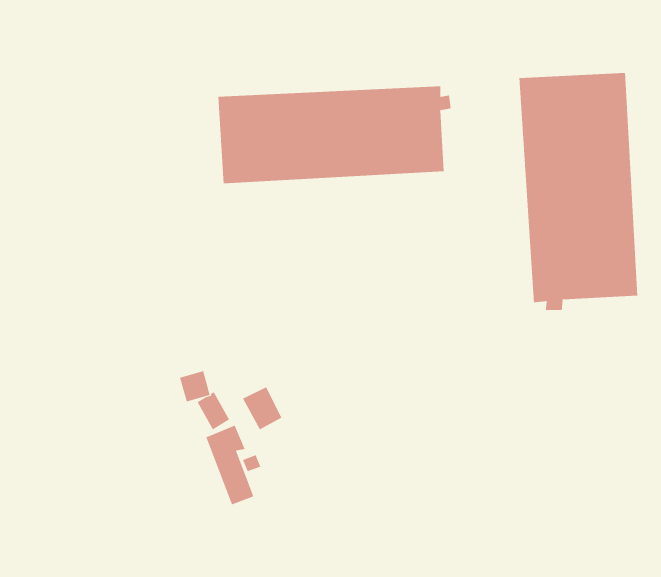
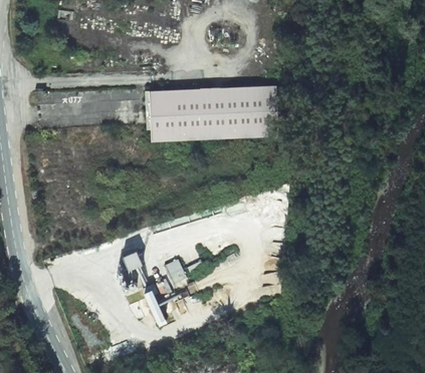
building: [519,72,638,311] -> none

